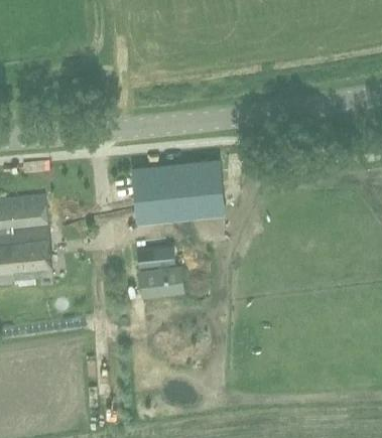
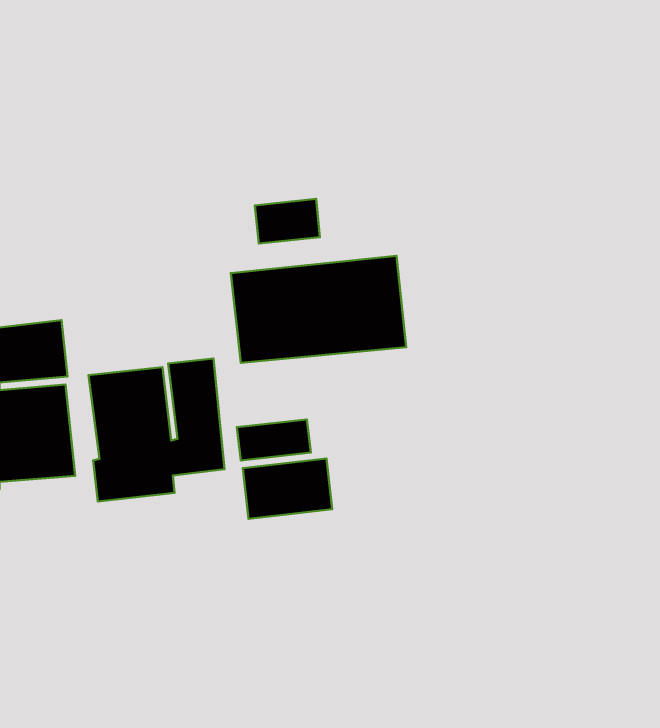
building: none -> [255,199,320,244]
building: none -> [89,359,225,501]

